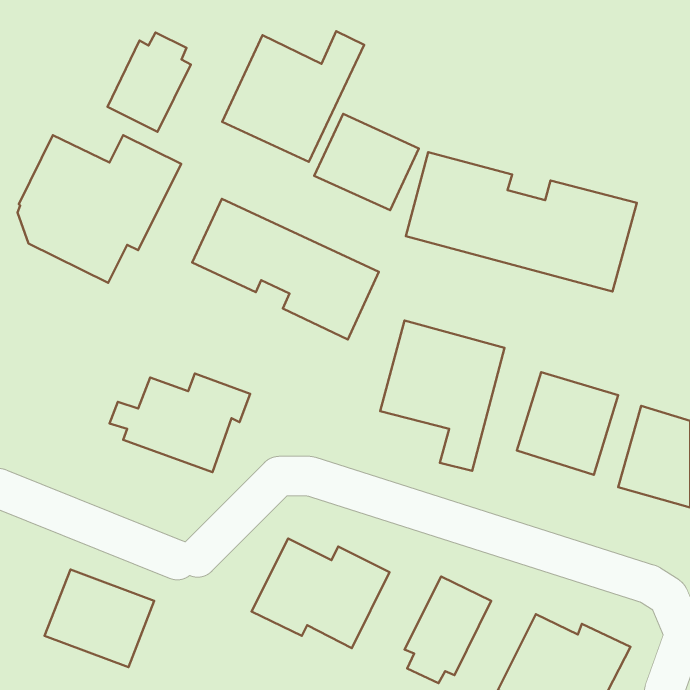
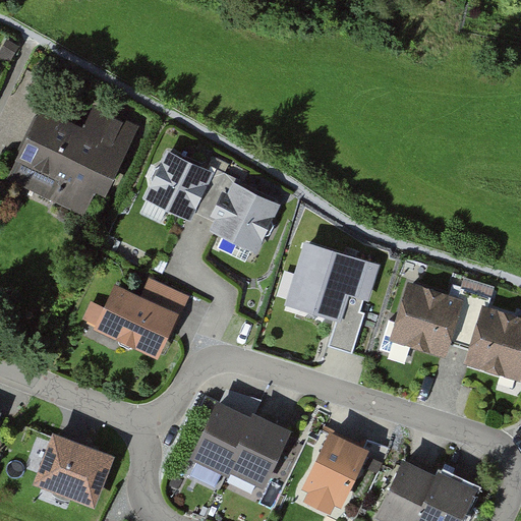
building: [222,31,364,162] -> none
building: [107,32,191,132] -> none
building: [314,114,419,210] -> none
building: [406,152,637,292] -> none

